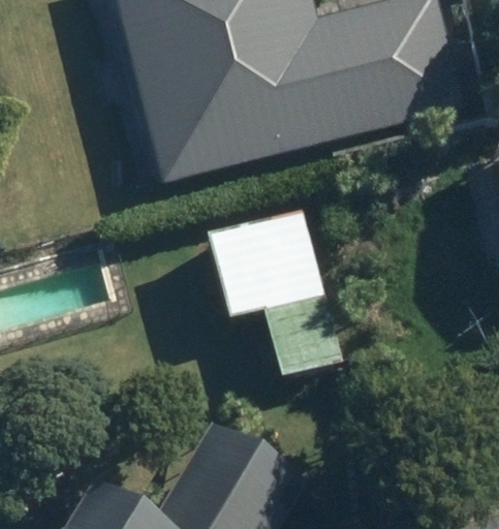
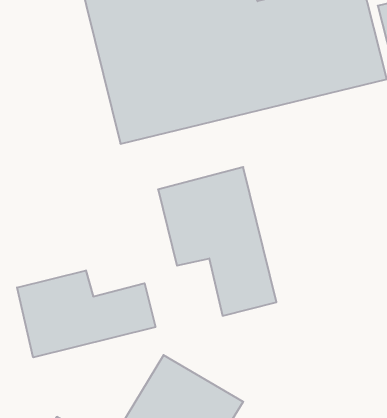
building: none -> [17,270,155,357]

